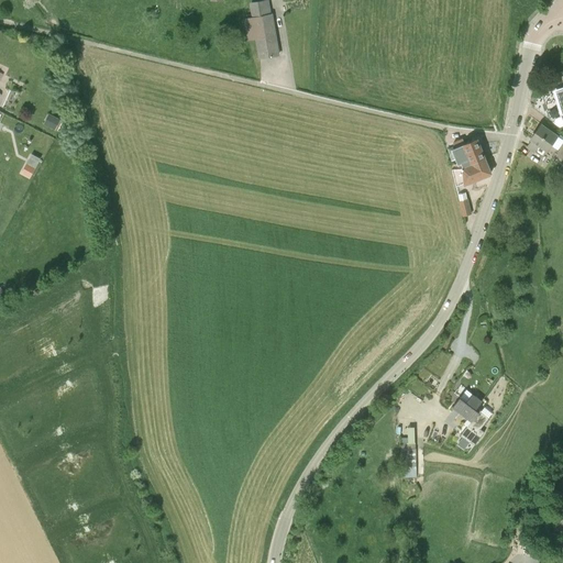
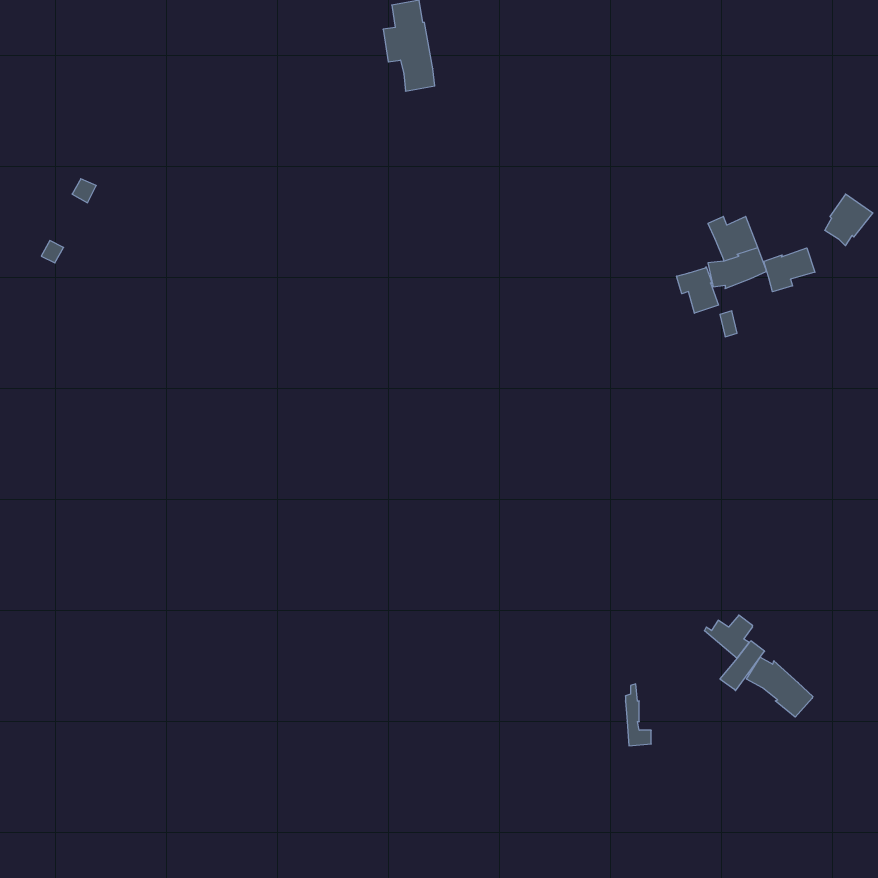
building: none -> [763,248,815,292]
building: none -> [677,267,718,313]
building: none -> [746,657,813,717]

